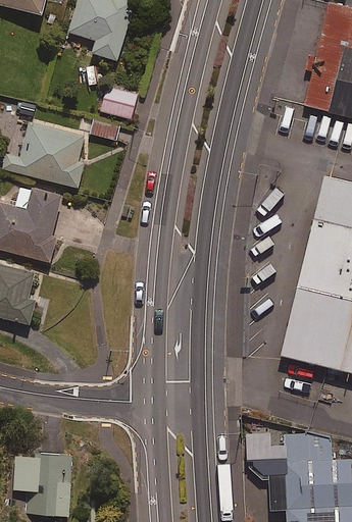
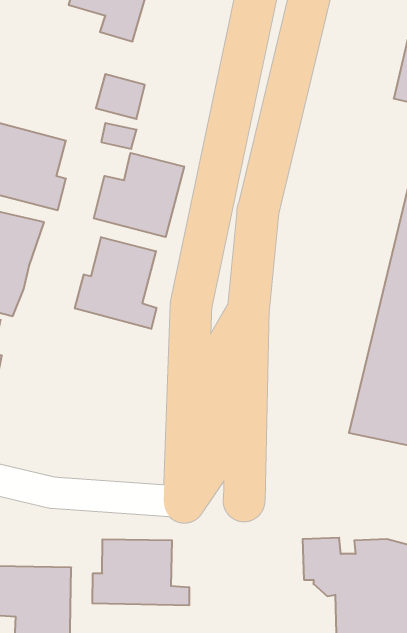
building: none -> [94,153,184,237]
building: none -> [75,237,156,329]
building: none -> [92,539,189,605]

